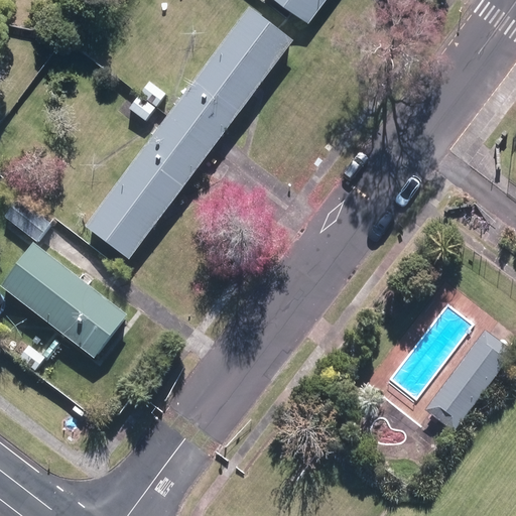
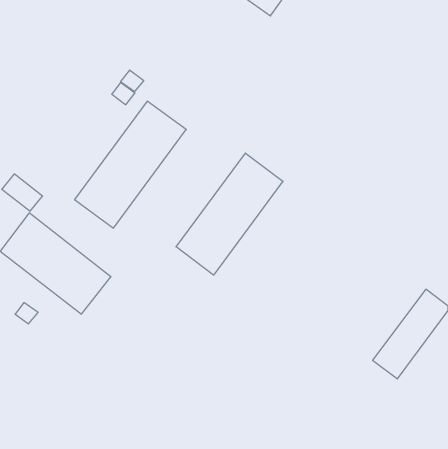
building: [167,9,292,147] -> none
building: none -> [176,153,283,275]

